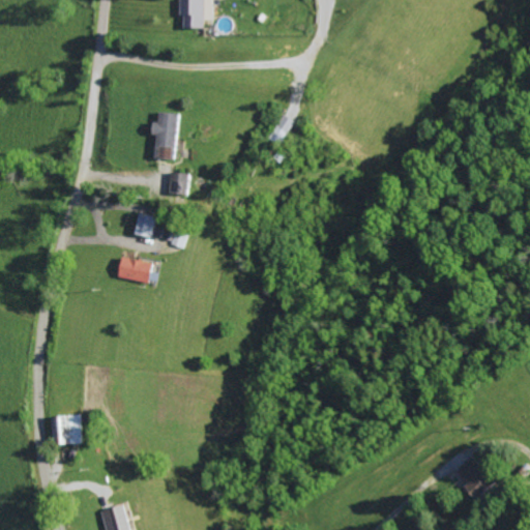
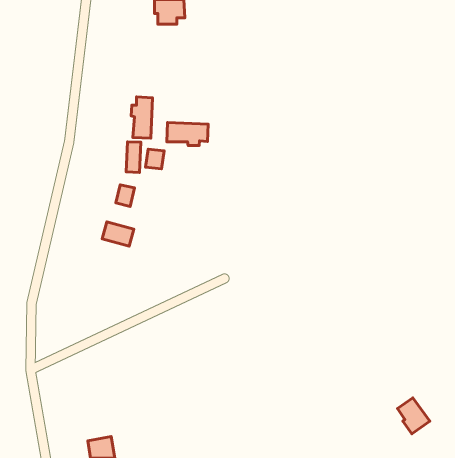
building: none -> [167,122,208,146]
building: none -> [126,142,141,173]
building: [51,415,81,444] -> none

